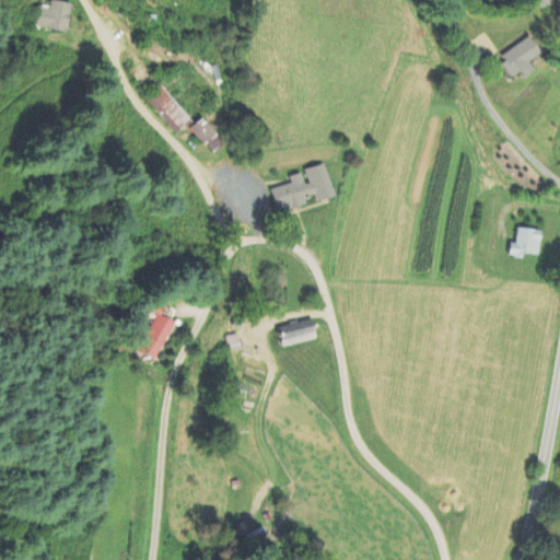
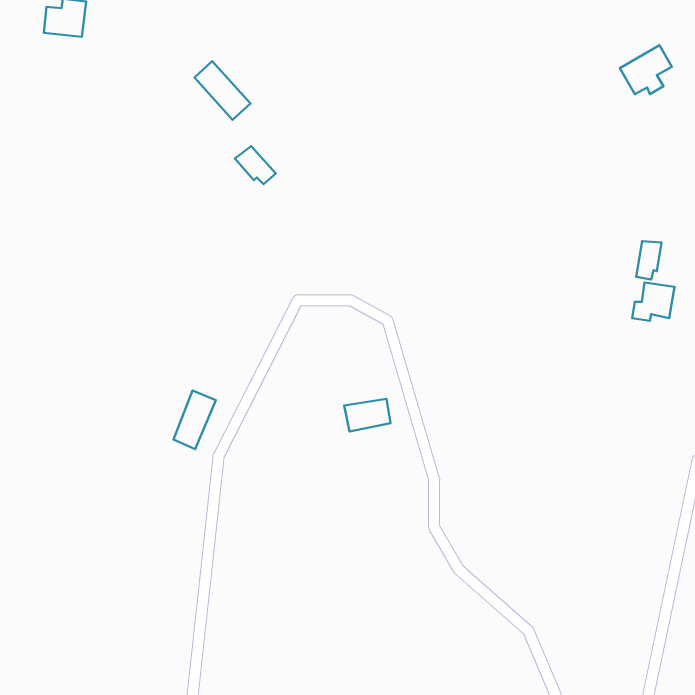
building: [148,85,192,132] -> [194,61,250,120]
building: [271,162,335,211] -> none
building: none -> [636,241,661,280]

